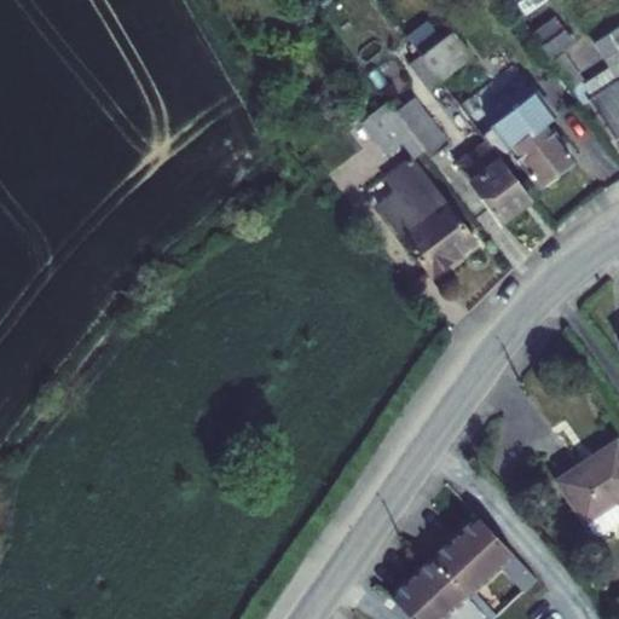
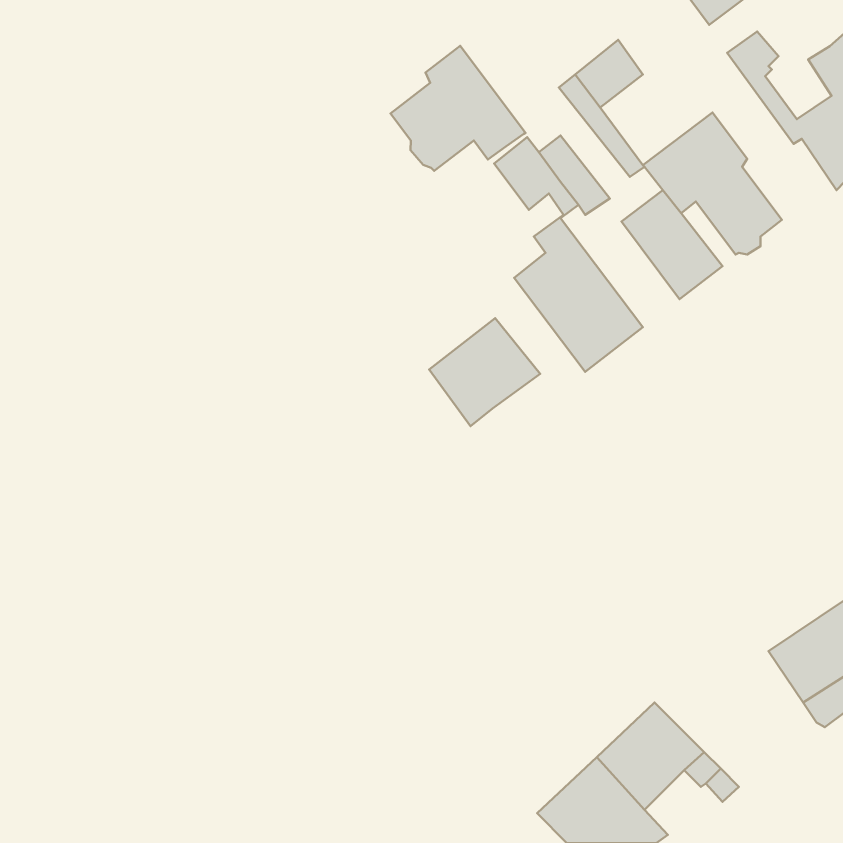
building: none -> [391,46,526,171]
building: none -> [429,318,540,426]

